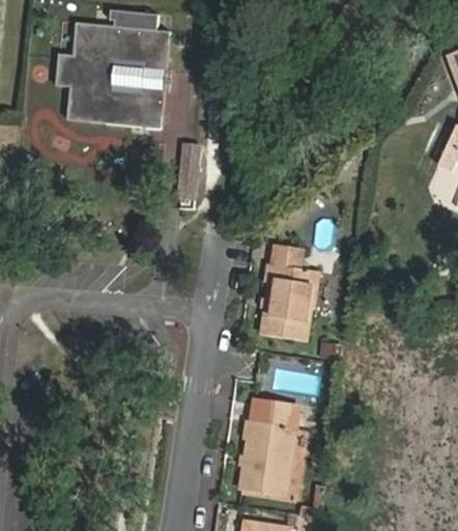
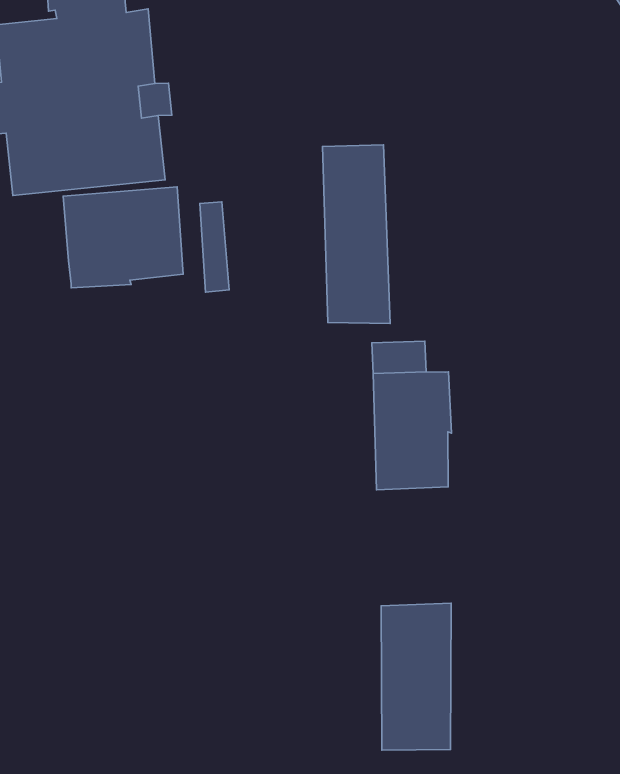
building: none -> [322,145,390,323]
building: none -> [63,187,183,288]

